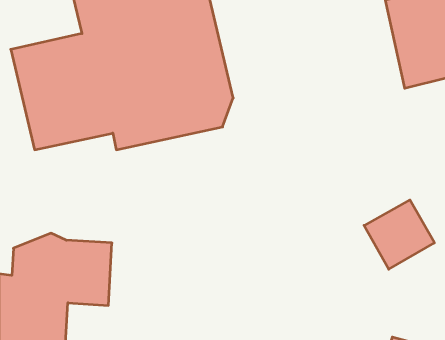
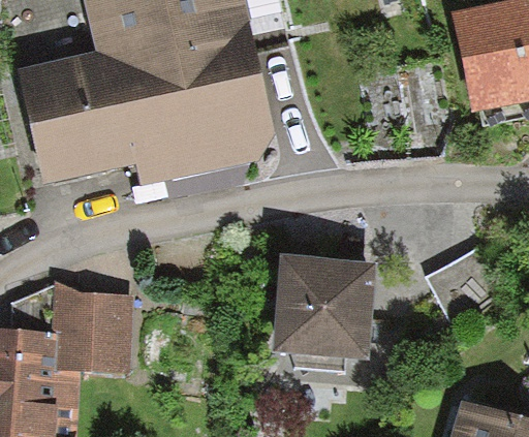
building: none -> [277,264,372,357]

